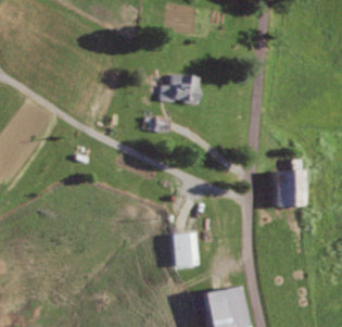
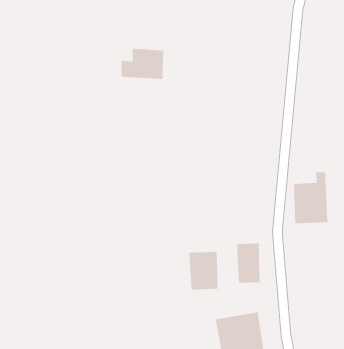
building: [163,74,202,102] -> [121,48,164,79]
building: none -> [237,242,260,284]

